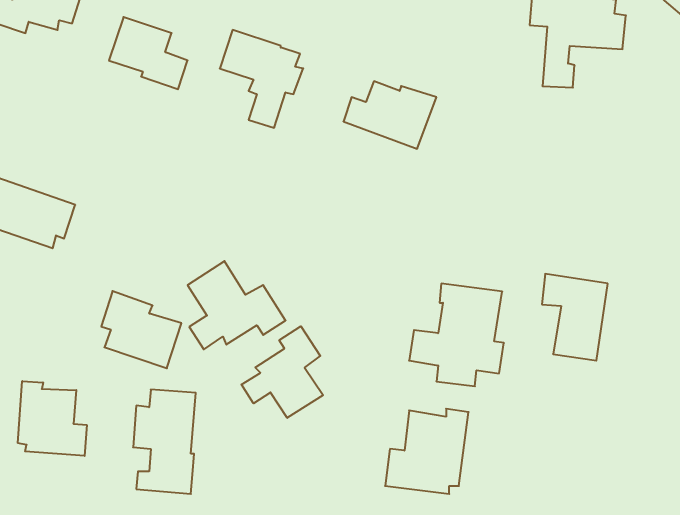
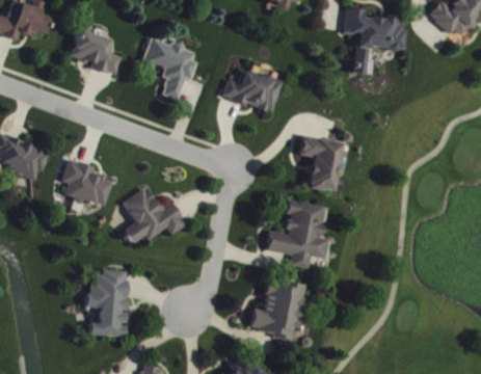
building: [542,274,608,361] -> [299,135,342,191]
building: [101,291,181,368] -> [62,158,114,208]
building: [241,326,323,418] -> none
building: [18,381,87,456] -> none

